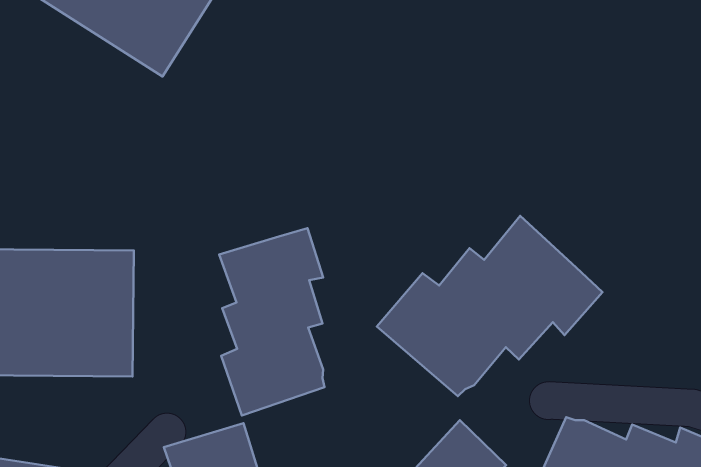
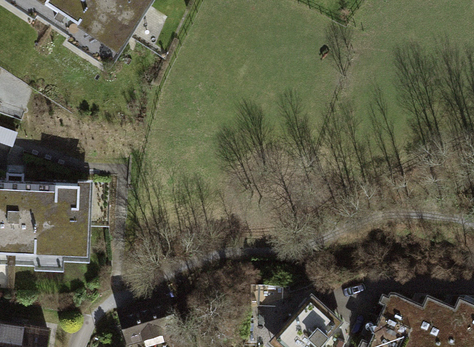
building: [377,216,603,396] -> none
building: [219,228,325,416] -> none

